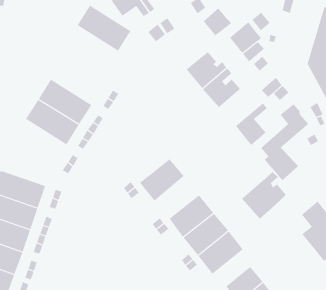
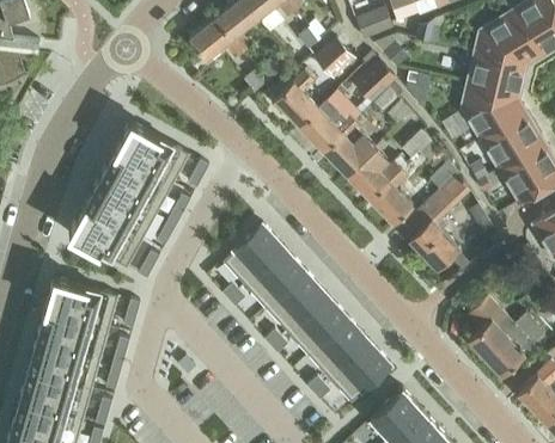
building: [77,5,131,51] -> [115,122,189,183]
building: none -> [273,70,318,127]
building: none -> [346,148,405,199]
building: none -> [68,207,142,267]
building: none -> [222,224,283,284]
building: [241,171,286,219] -> none
building: none -> [266,271,327,331]

